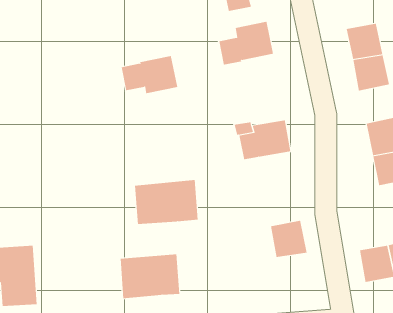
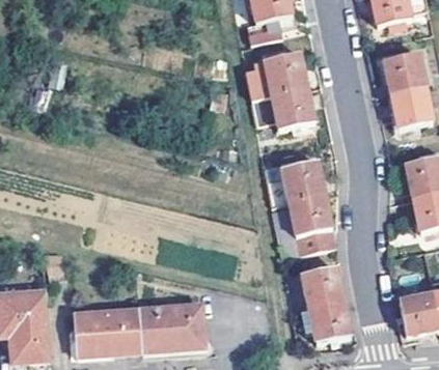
building: [121,56,178,94] -> [251,87,313,129]
building: none -> [290,193,335,253]
building: [134,180,198,225] -> [73,309,142,358]
building: none -> [301,303,350,345]

